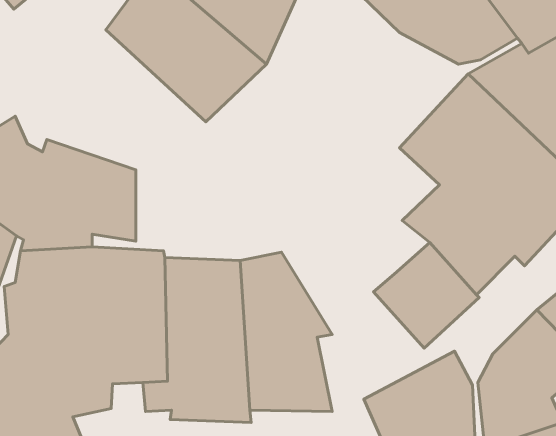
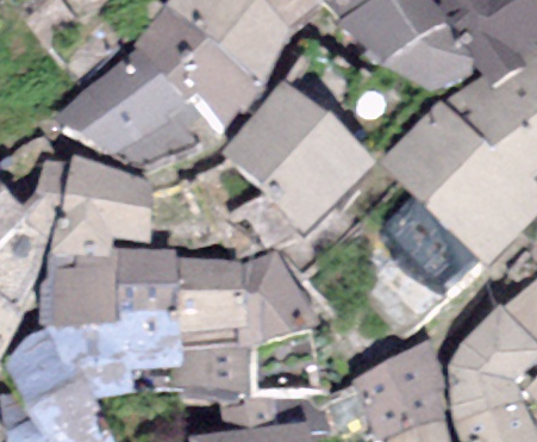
building: none -> [52,60,212,169]
building: none -> [220,80,374,234]

